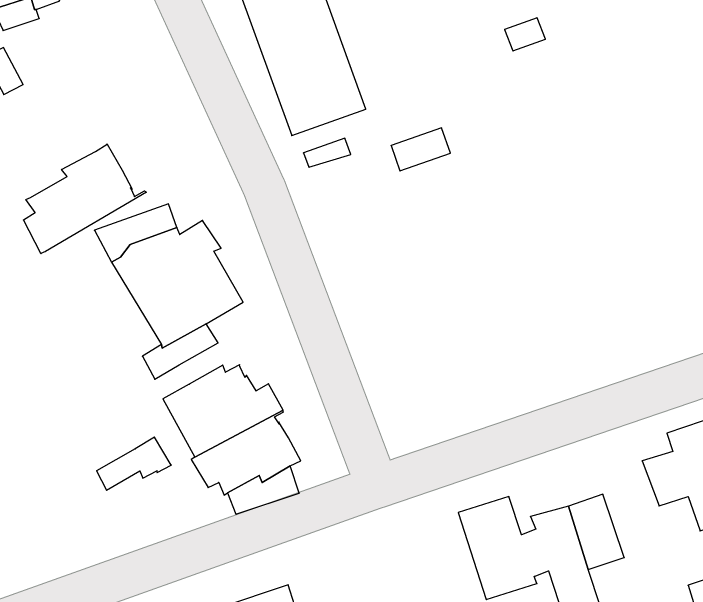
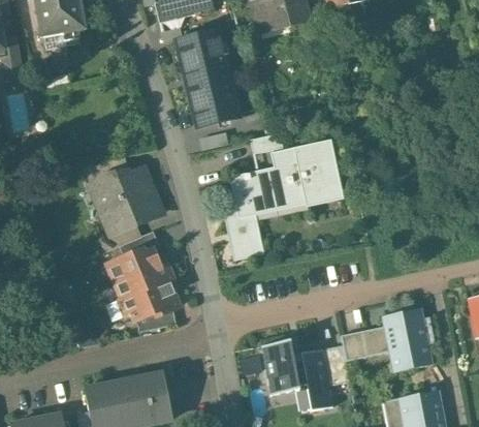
building: none -> [223,143,340,257]
building: [23,144,146,254] -> none
building: [97,437,171,490] -> [119,231,160,256]
building: none -> [340,330,372,361]

